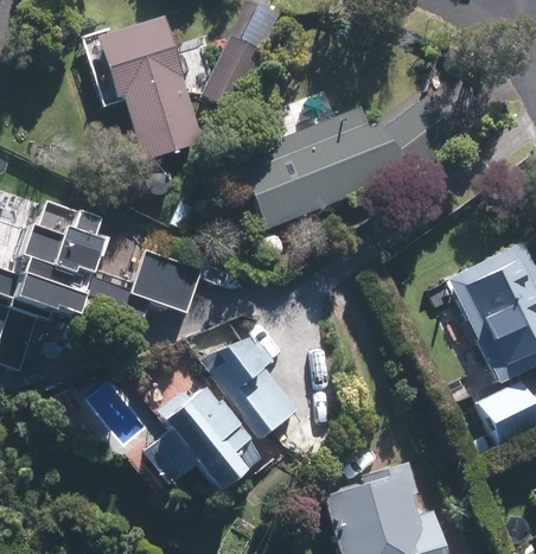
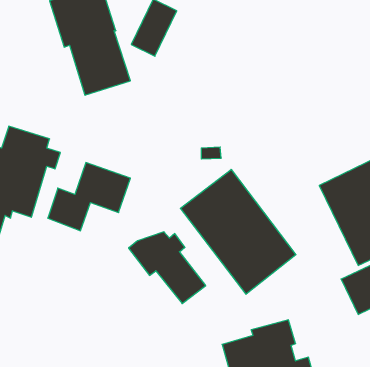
building: [235,96,459,230] -> none
building: none -> [180,169,296,294]
building: [128,386,261,495] -> none

